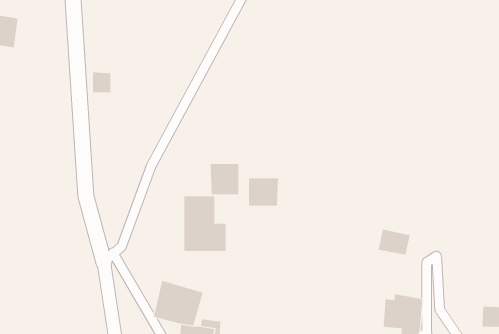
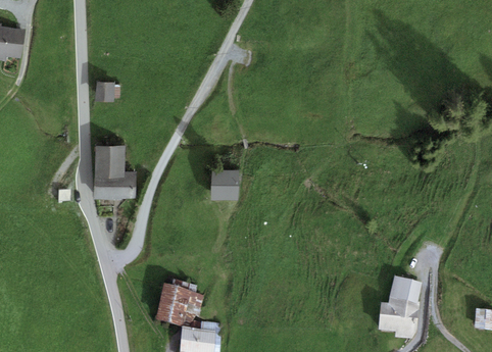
building: [248,178,279,206] -> none
building: [184,196,227,252] -> [94,145,136,199]
building: [378,229,410,255] -> [390,275,422,301]

